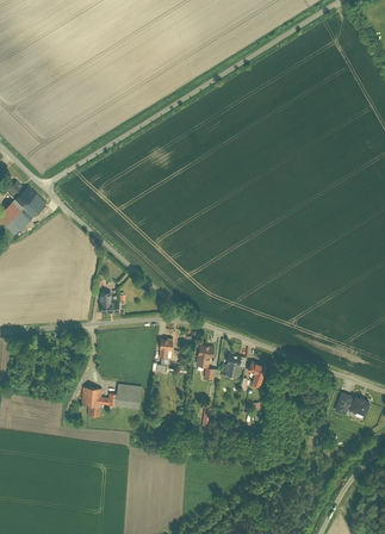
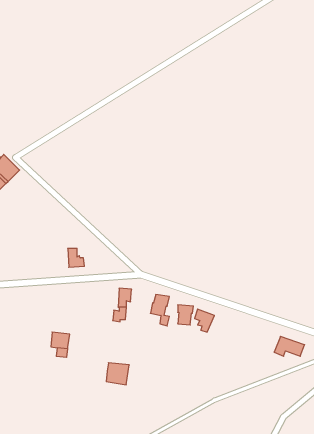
building: [116,384,142,409] -> [106,363,129,385]

